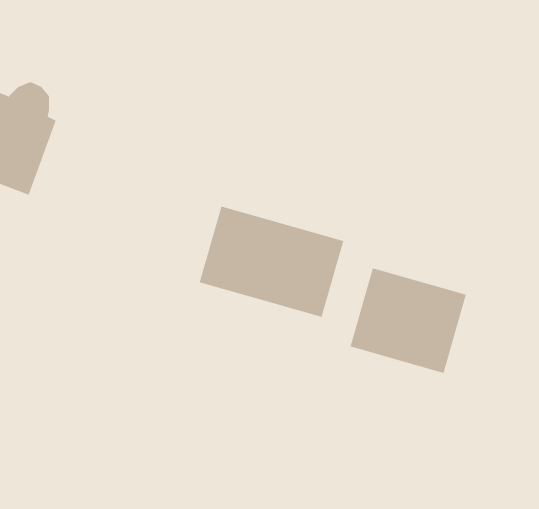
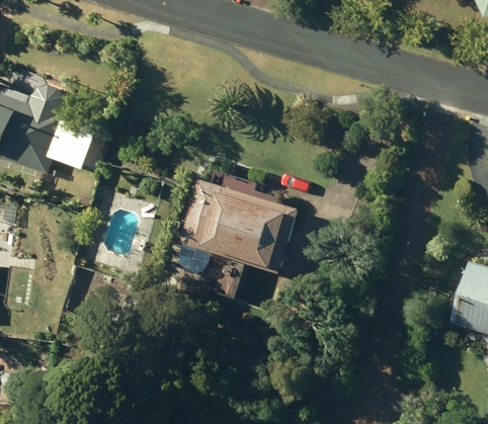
building: [350,267,466,374] -> none

